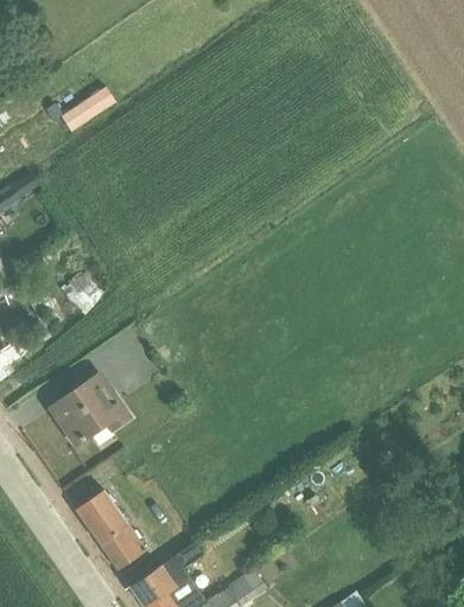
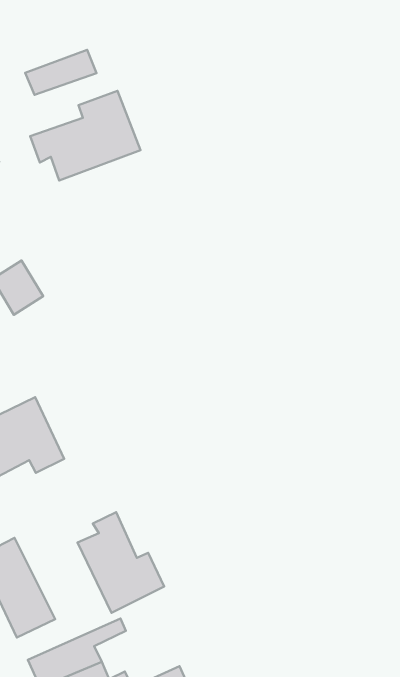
building: none -> [30,91,140,180]
building: none -> [78,512,164,613]

